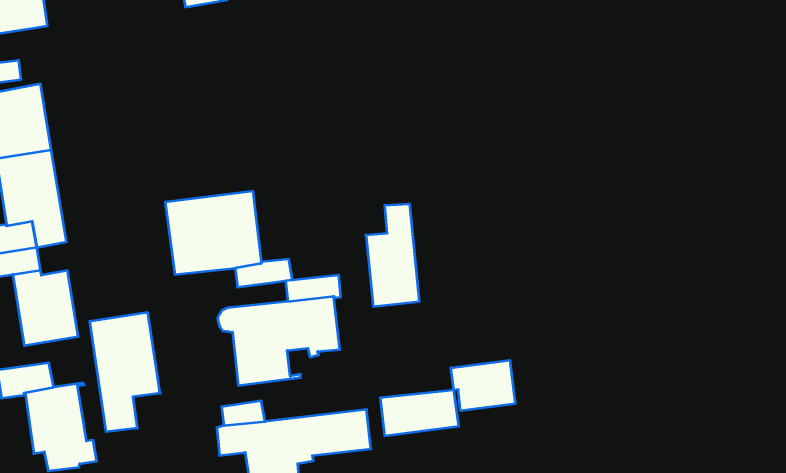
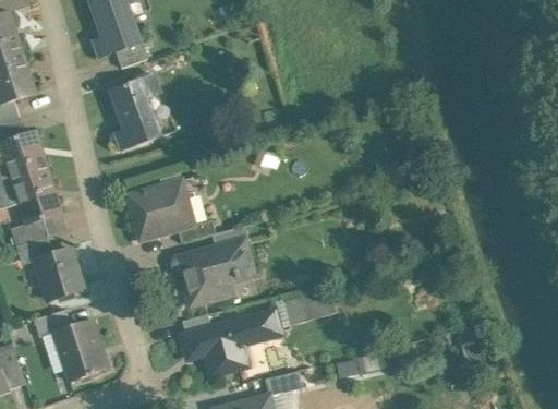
building: none -> [110,73,160,149]
building: [366,204,419,307] -> none
building: [90,312,160,432] -> none
building: [451,360,515,411] -> none

